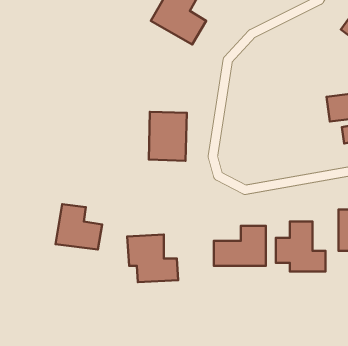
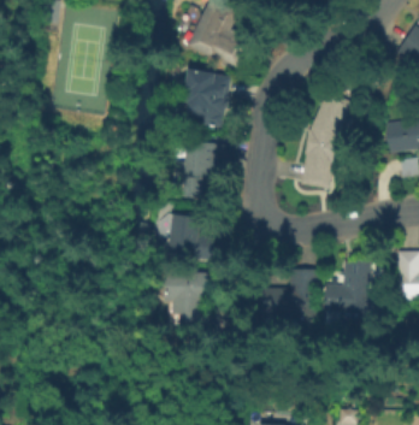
building: none -> [187,67,230,114]
building: none -> [301,89,353,184]
building: [56,204,102,250] -> [164,216,216,266]

